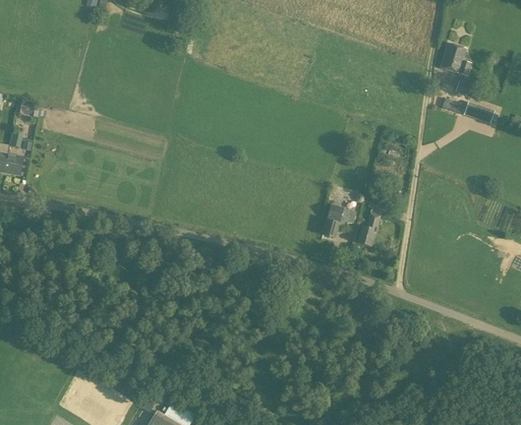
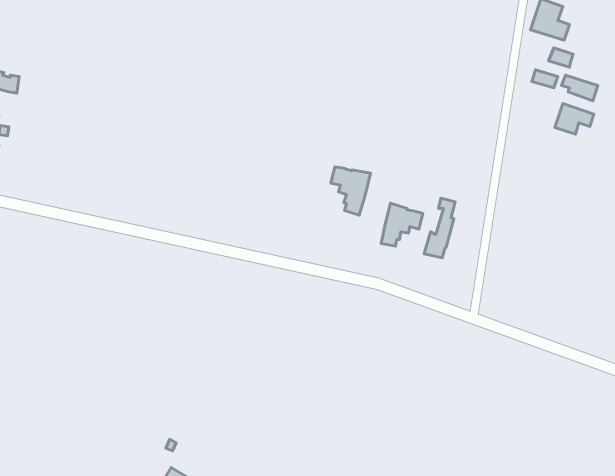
building: none -> [555,103,594,134]
building: none -> [331,167,371,215]

